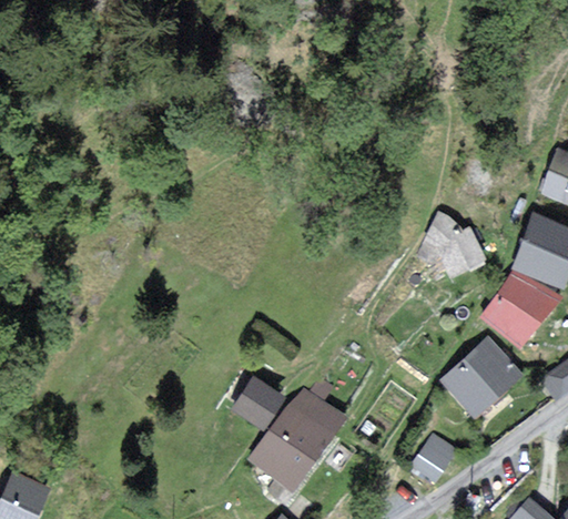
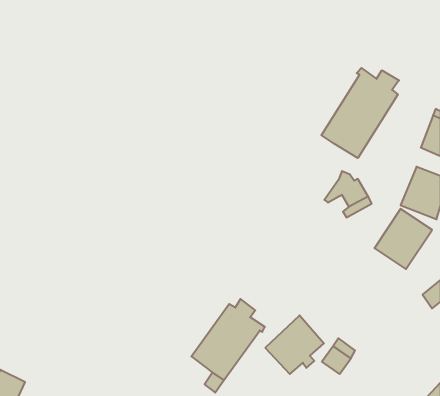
building: none -> [321,68,399,158]
building: [443,340,517,415] -> [265,315,324,374]
building: [231,378,277,425] -> none

